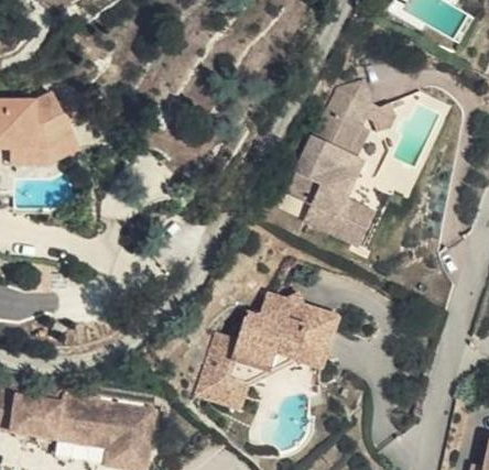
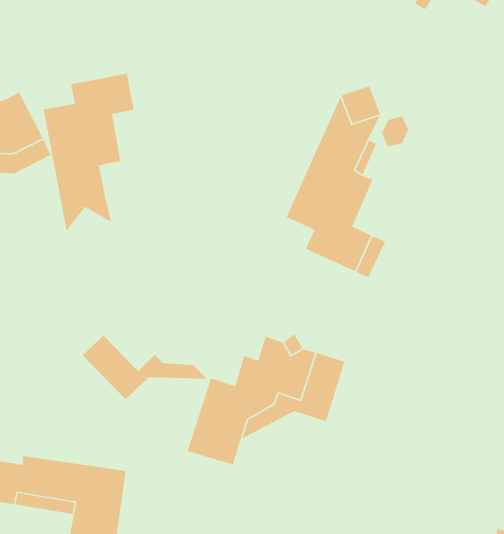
building: none -> [43,73,134,233]
building: none -> [82,335,208,400]

